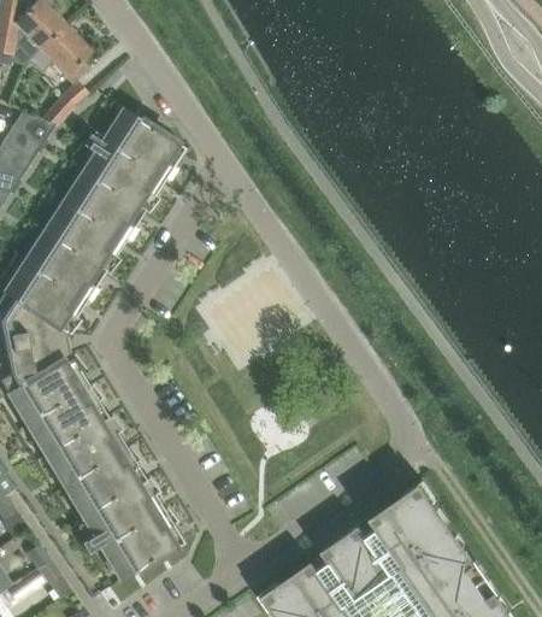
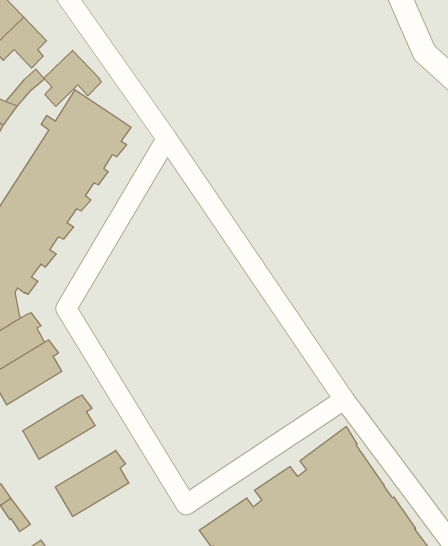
building: none -> [44,50,101,106]
building: [43,417,123,487] -> none
building: [76,478,160,557] -> none

